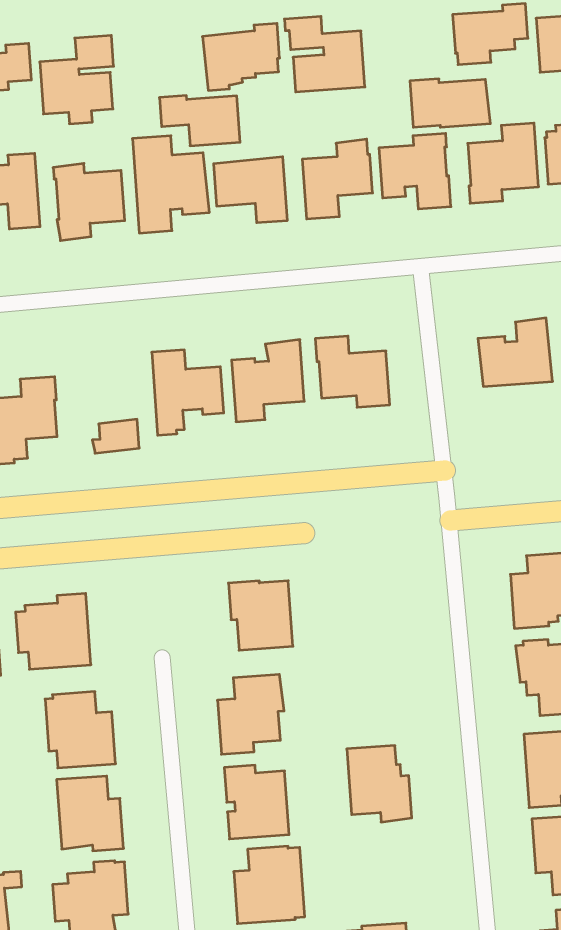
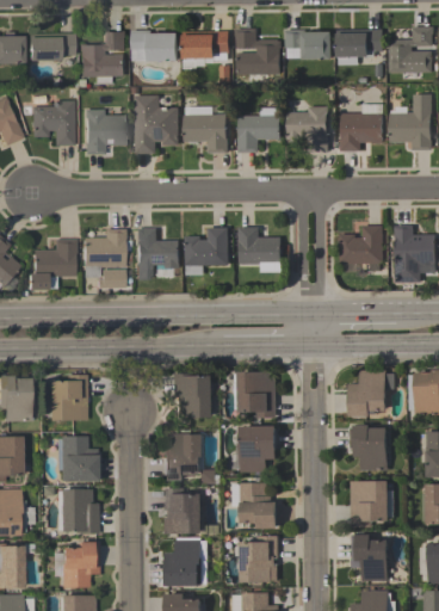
building: [410,79,490,127] -> [285,31,333,61]
building: [159,96,240,146] -> [131,32,179,63]
building: none -> [84,229,125,278]
building: none -> [233,374,274,416]
building: none -> [230,425,276,471]
building: none -> [240,535,277,580]

